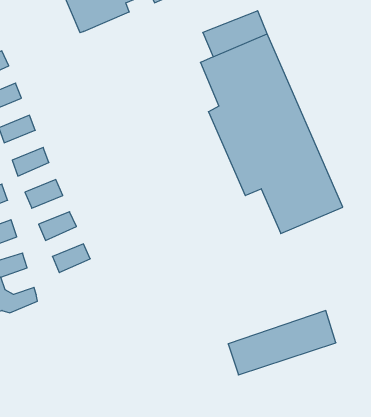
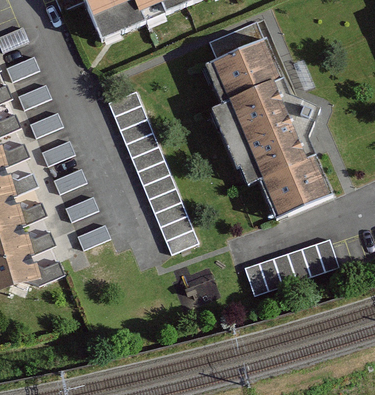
building: none -> [108,91,198,252]
building: [228,311,336,375] -> [245,239,339,295]

